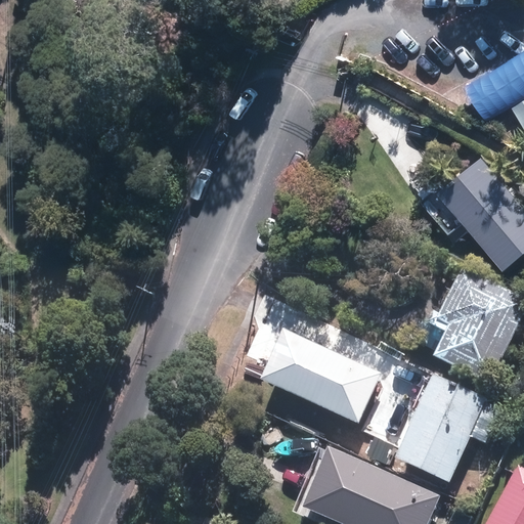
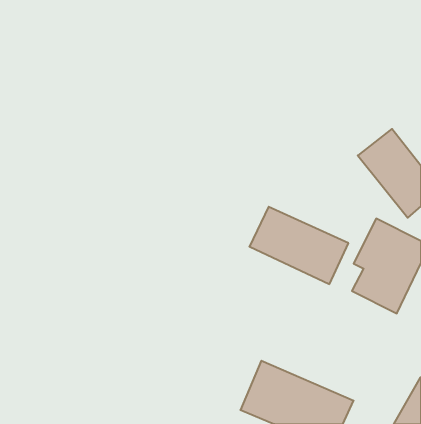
building: [256,328,378,423] -> [249,207,348,284]
building: [396,376,486,484] -> none

